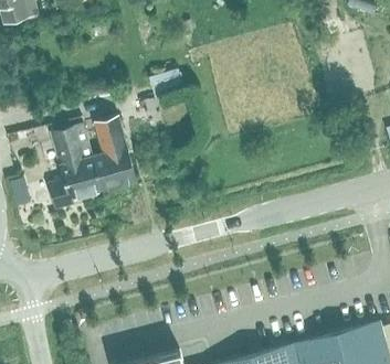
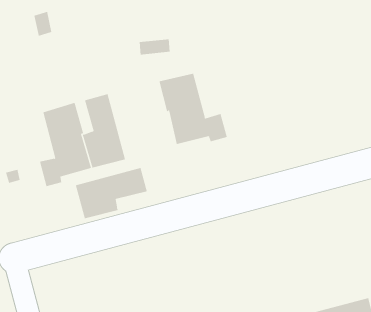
building: none -> [159,73,227,145]
building: none -> [75,167,147,219]

